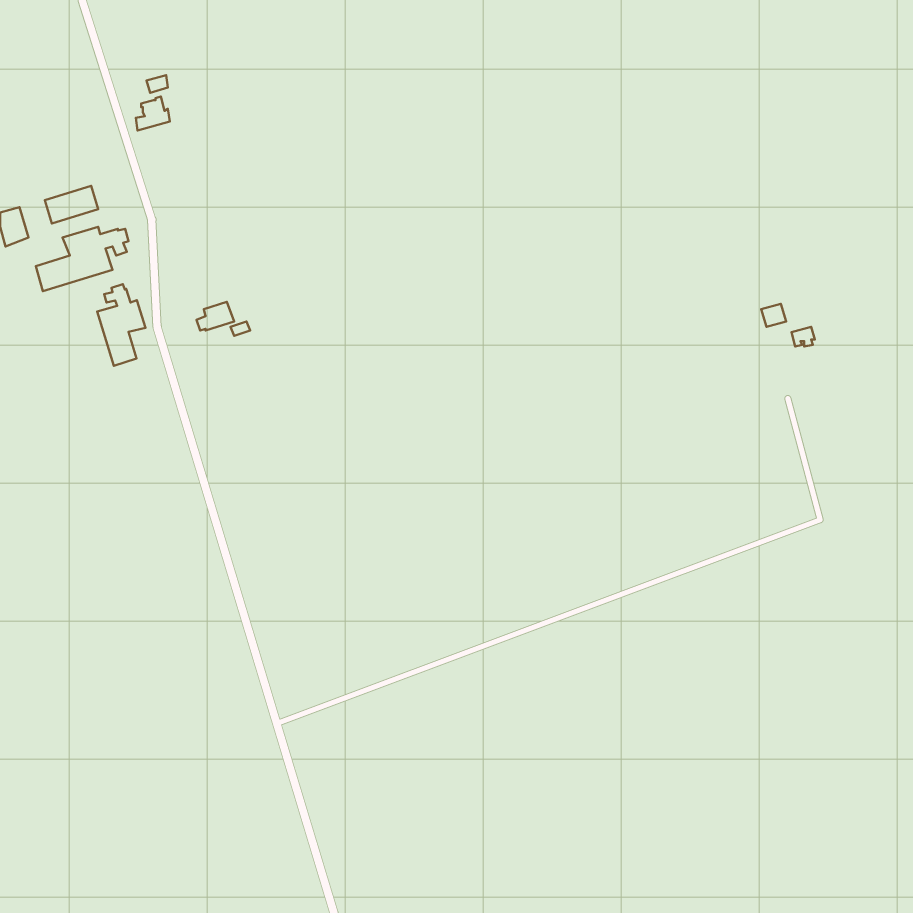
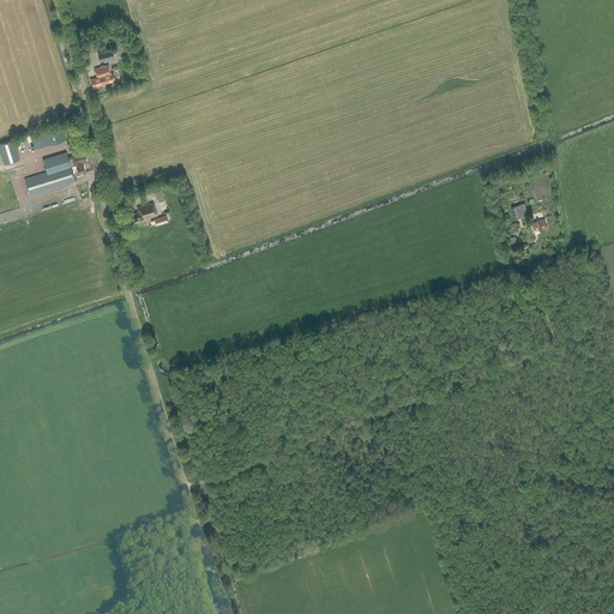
building: [97,284,146,366] -> none

